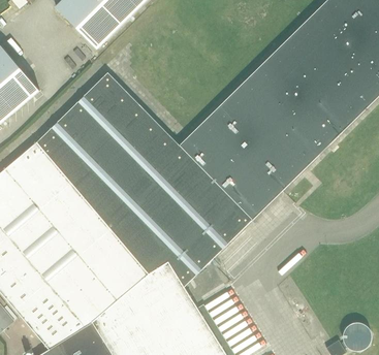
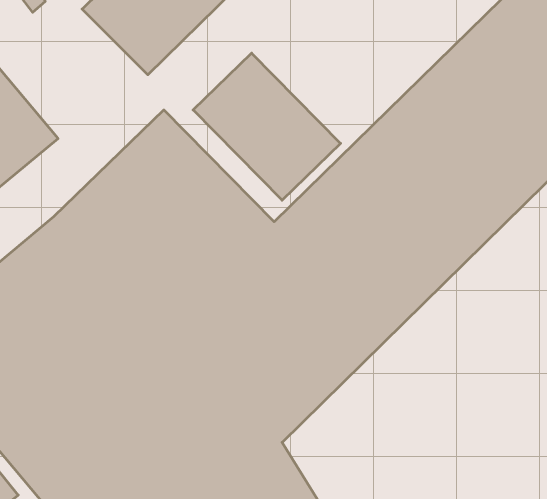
building: none -> [193,53,341,200]

